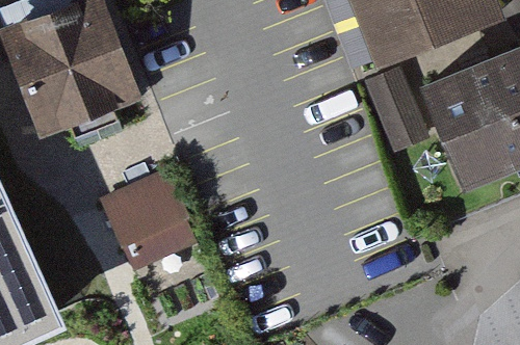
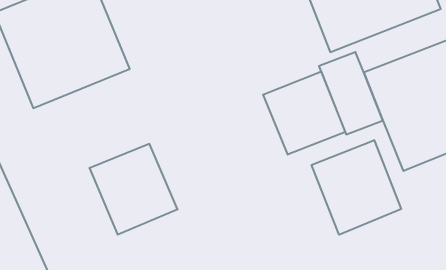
building: none -> [263,72,345,155]
building: none -> [312,140,401,235]

